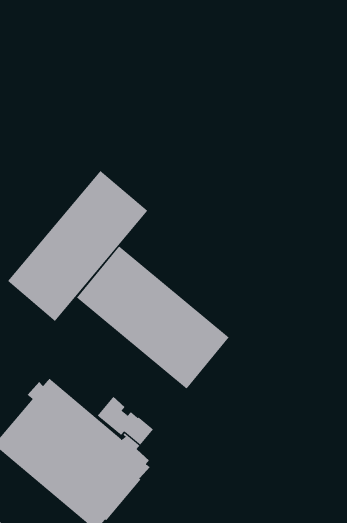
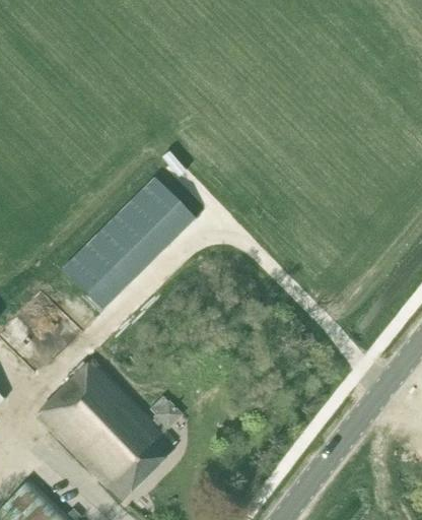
building: [76,246,230,390] -> none

